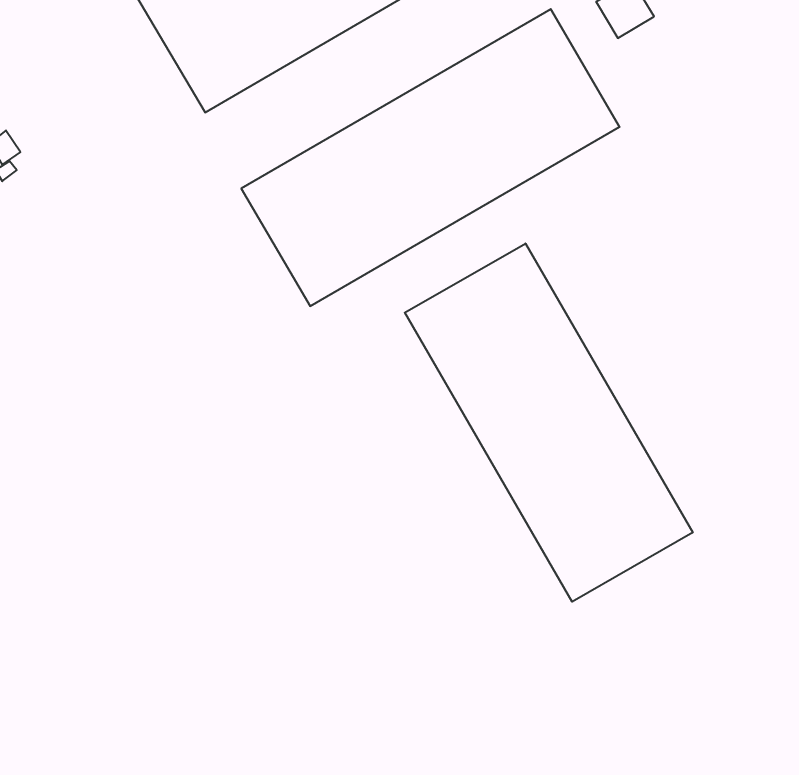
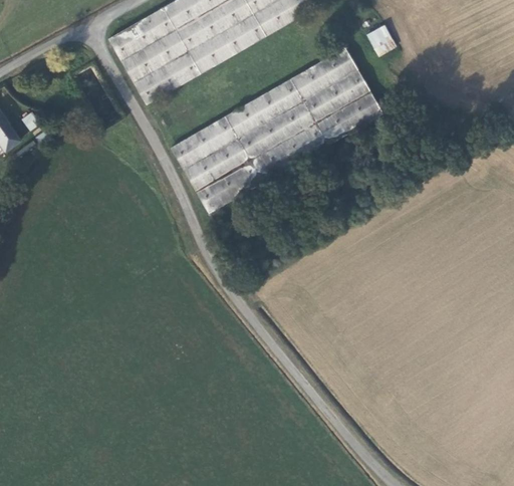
building: [405,243,693,602] -> none

